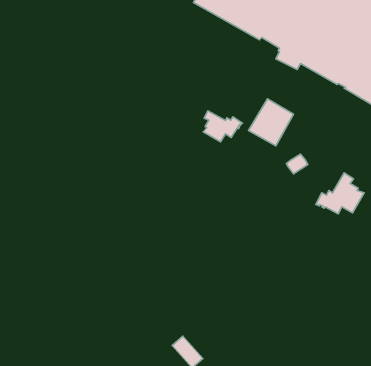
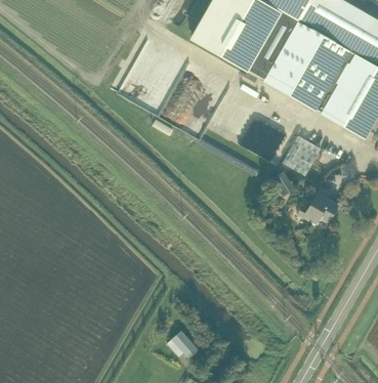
building: [249,99,293,146] -> [282,135,321,176]
building: [203,111,243,142] -> none

